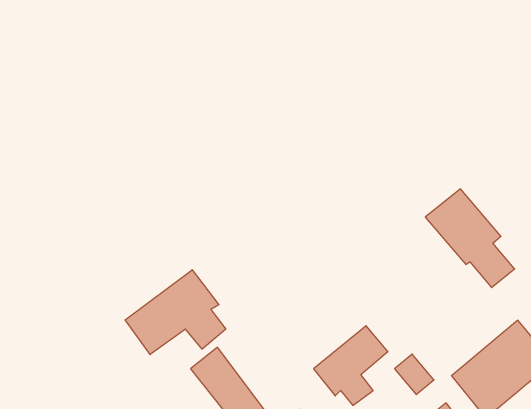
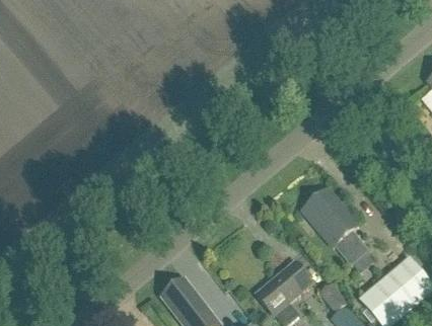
building: [425,189,515,288] -> [300,187,367,261]
building: [125,270,226,355] -> none

